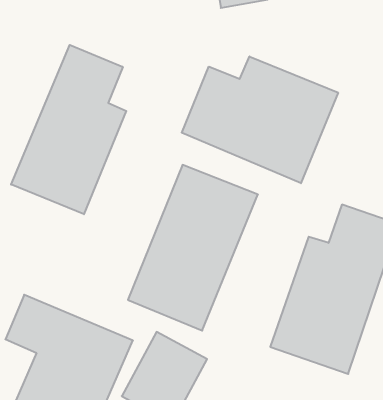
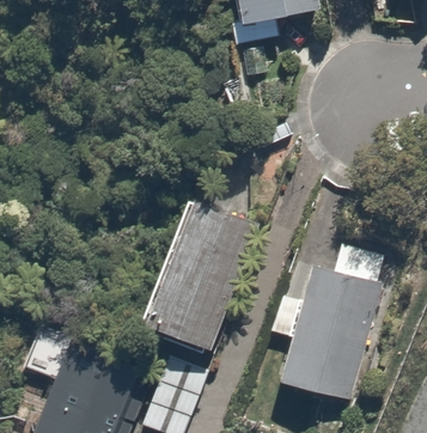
building: [11,45,126,214] -> none
building: [182,56,338,183] -> none

